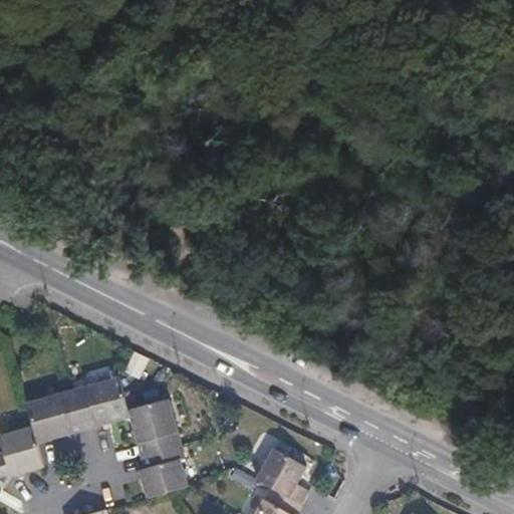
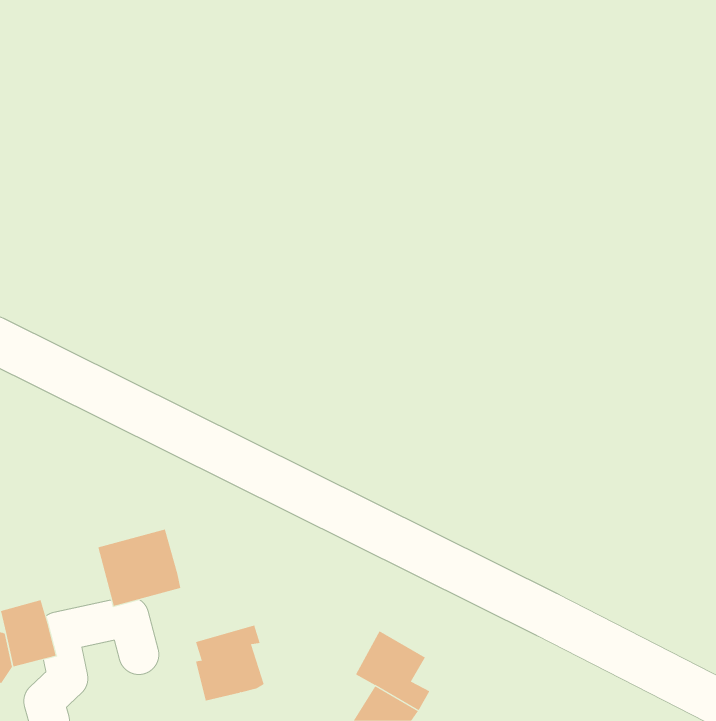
building: [23,389,80,443] -> none
building: [126,396,181,456] -> none

